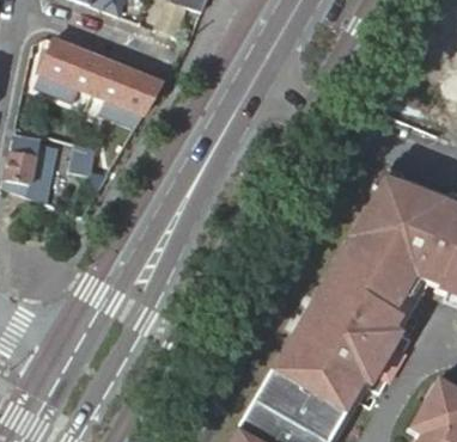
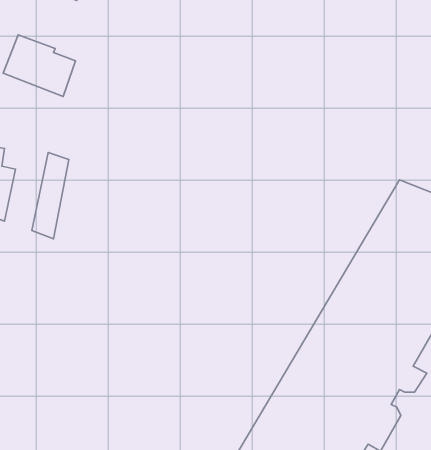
building: [92,63,157,113] -> none

